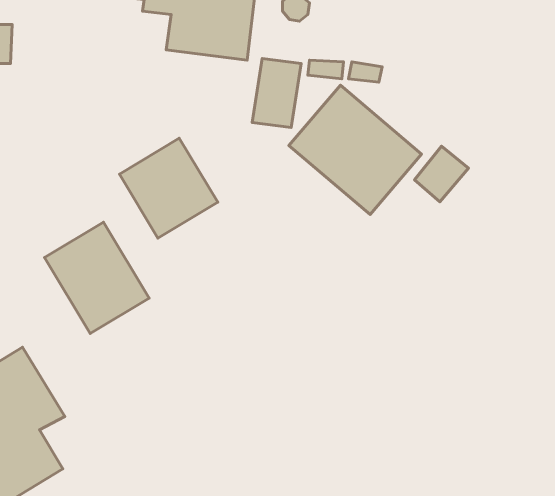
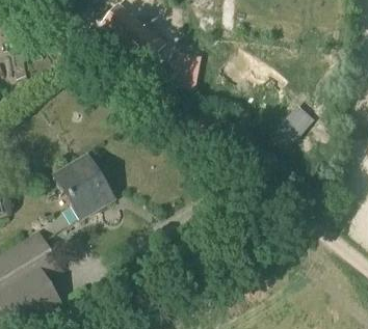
building: [289,85,422,215] -> none
building: [119,138,218,238] -> none

